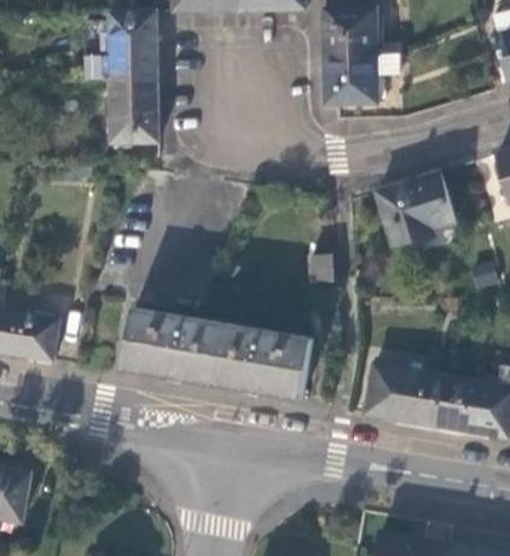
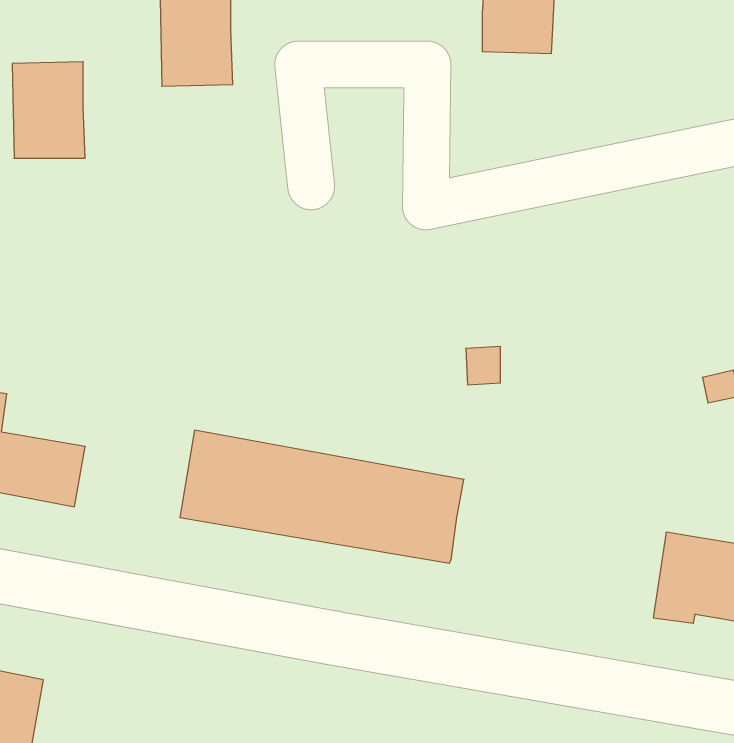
building: [324,57,390,106] -> none
building: [111,79,160,143] -> [12,62,85,158]
building: [379,170,457,243] -> none
building: [367,365,446,433] -> none

